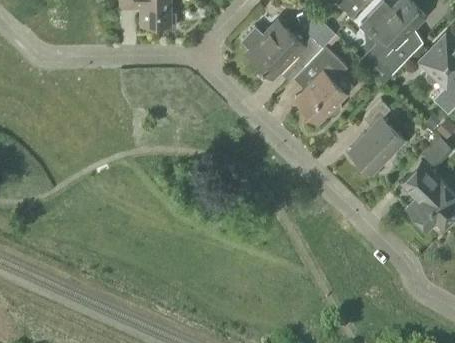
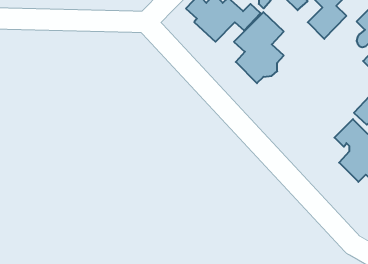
building: [349,100,406,175] -> none

